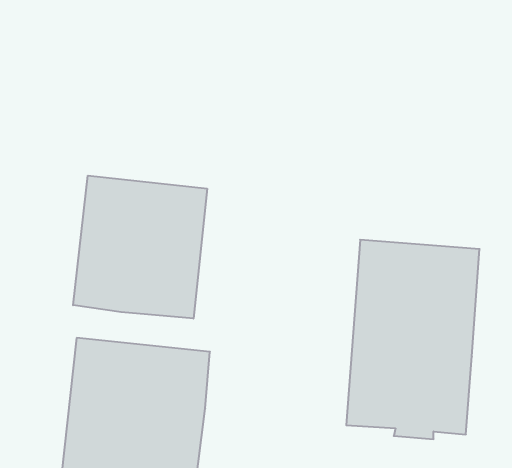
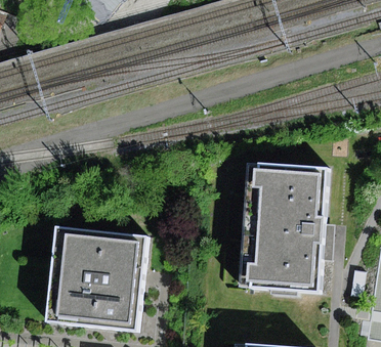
building: [73,176,207,319] -> none

